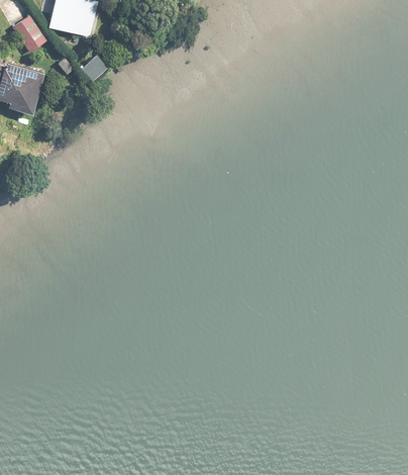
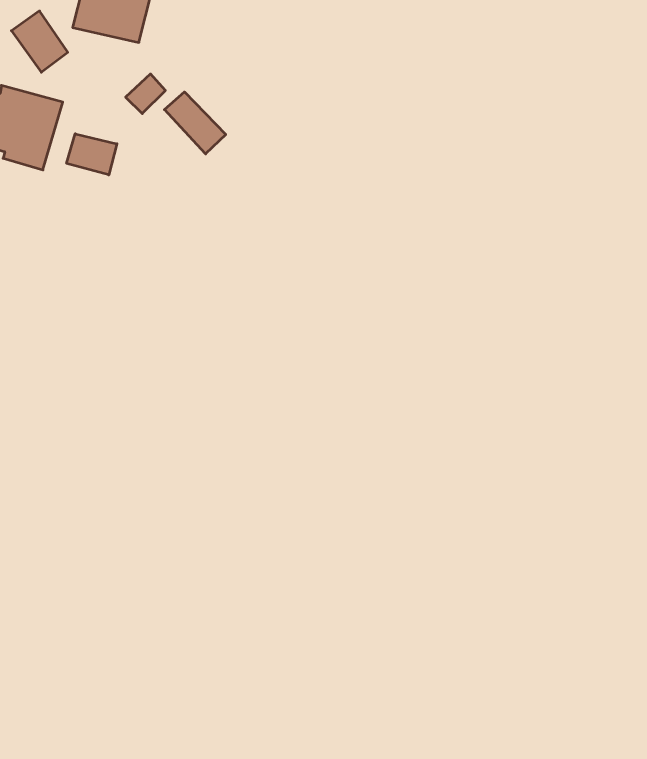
building: none -> [164,92,226,154]
building: none -> [67,134,117,175]

